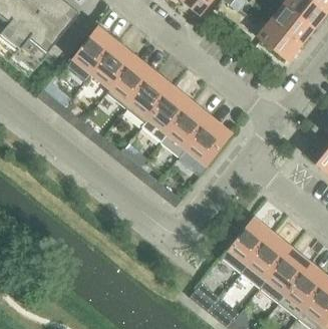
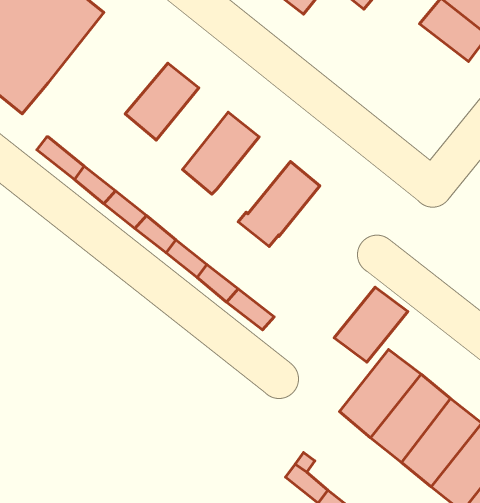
building: [258,19,302,60] -> none
building: [67,27,117,81] -> none
building: [106,58,154,108] -> none
building: [147,88,193,135] -> none
building: [186,118,231,164] -> [334,287,408,362]

